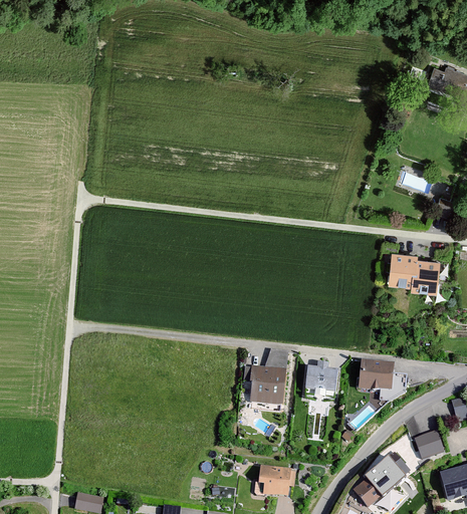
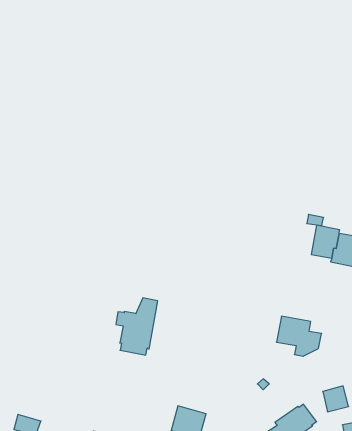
building: [244,347,288,411] -> [116,298,158,355]
building: [305,359,337,400] -> none

